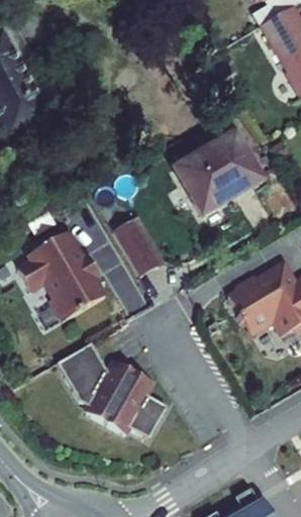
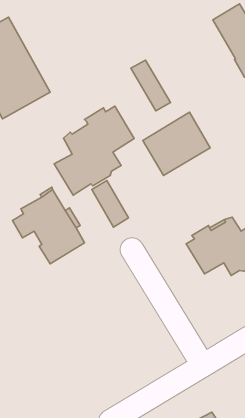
building: none -> [131,60,171,111]
building: none -> [54,106,134,195]
building: [58,341,168,436] -> none

